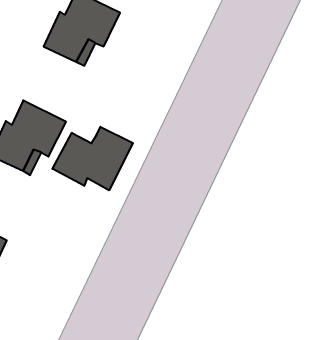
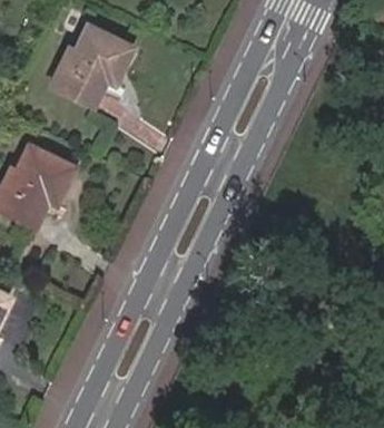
building: [52,127,133,190] -> none

